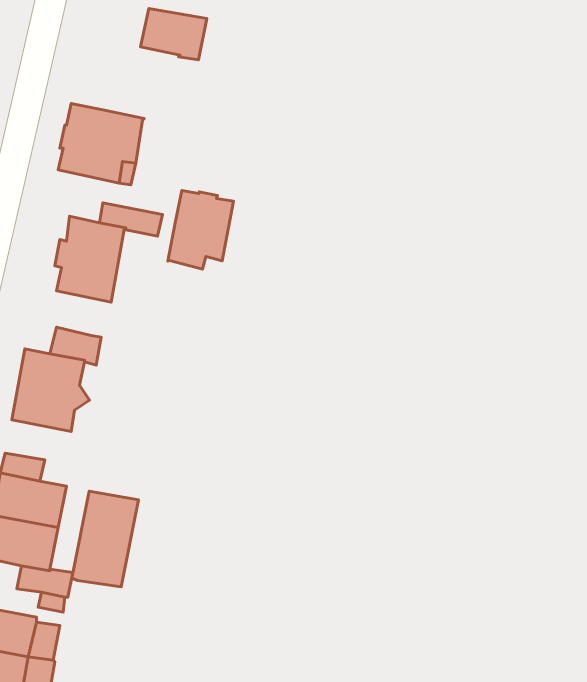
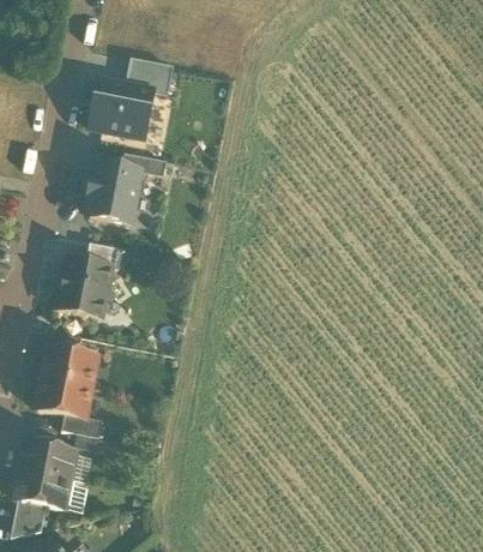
building: [141,9,207,60] -> [125,58,173,95]
building: [168,191,234,269] -> none
building: [72,491,139,587] -> none

